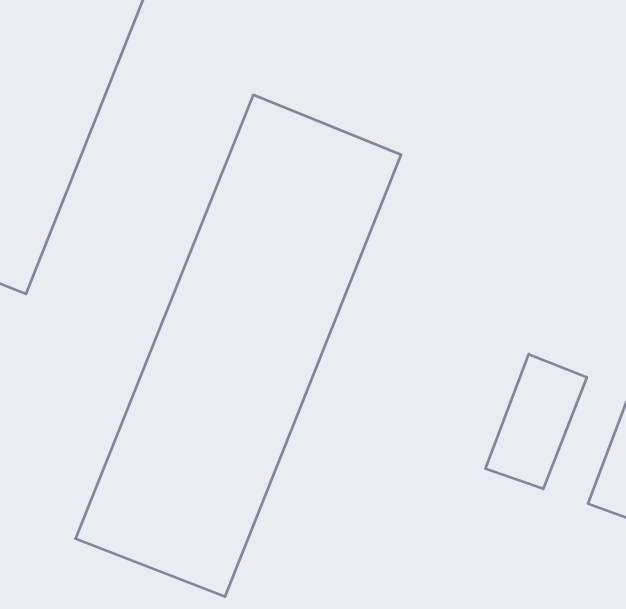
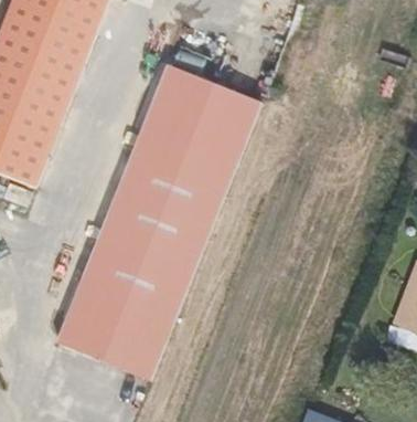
building: [485,354,587,489] -> none

